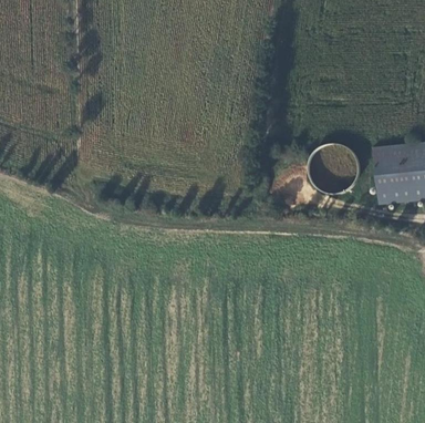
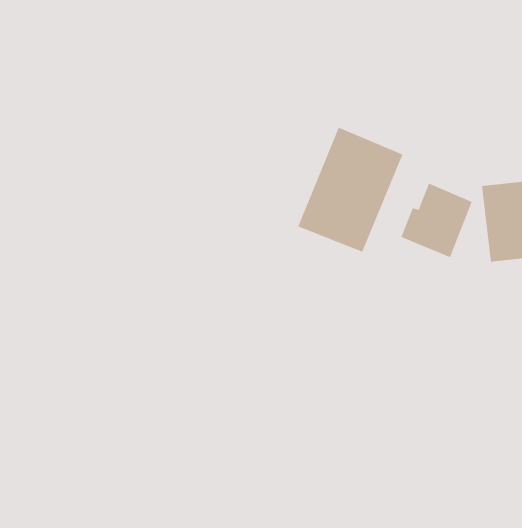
building: none -> [297,127,403,252]

